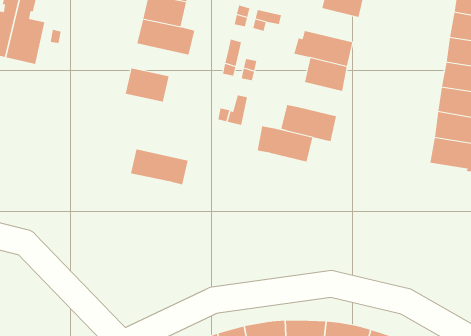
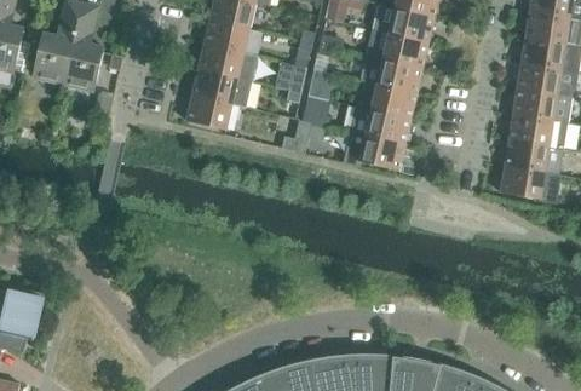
building: none -> [368,30,427,68]
building: [257,126,313,162] -> [352,107,410,144]
building: [130,149,189,185] -> [191,69,252,107]

